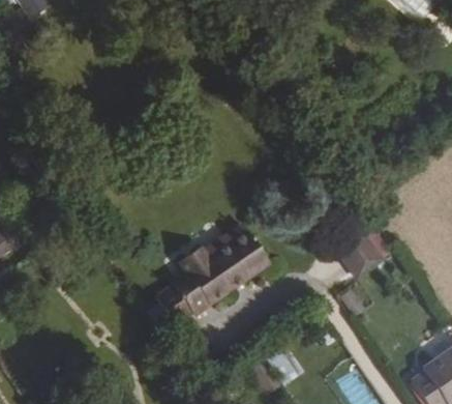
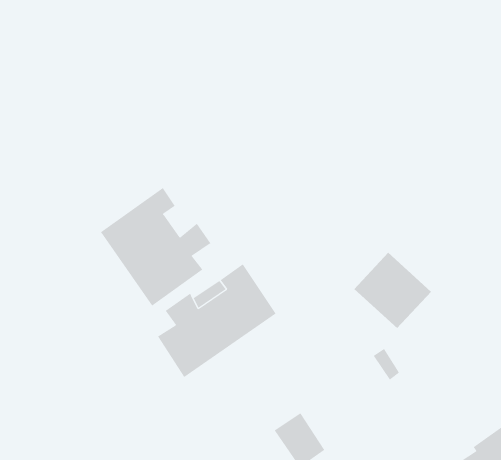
building: none -> [100,187,211,306]

